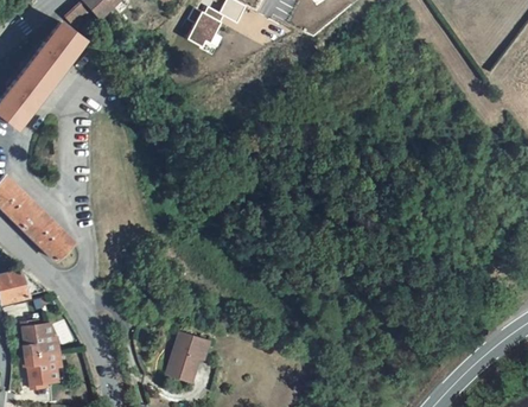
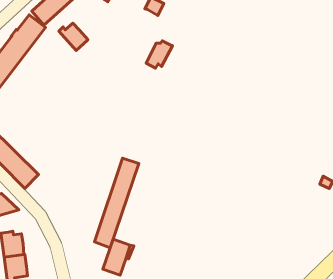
building: [187,7,224,45] -> [146,41,173,68]
building: none -> [59,23,88,51]
building: none -> [94,158,139,248]

